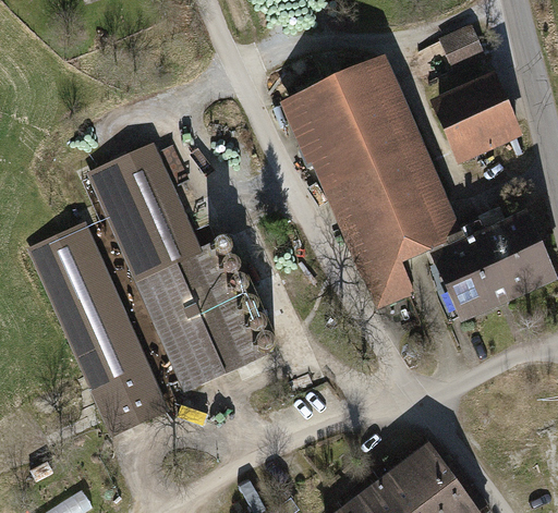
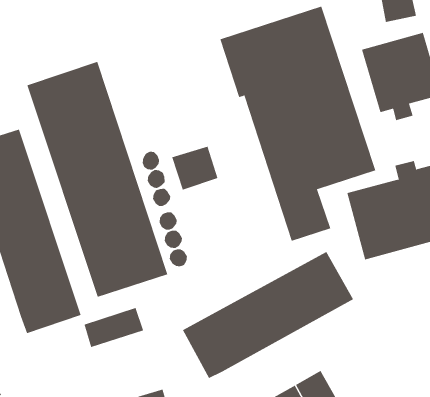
building: none -> [172,146,218,190]
building: none -> [182,251,354,379]
building: none -> [84,307,144,348]

